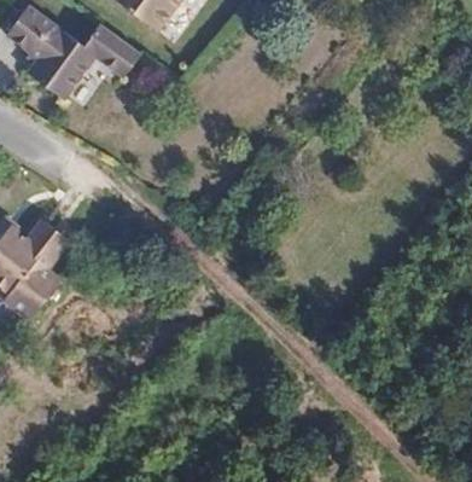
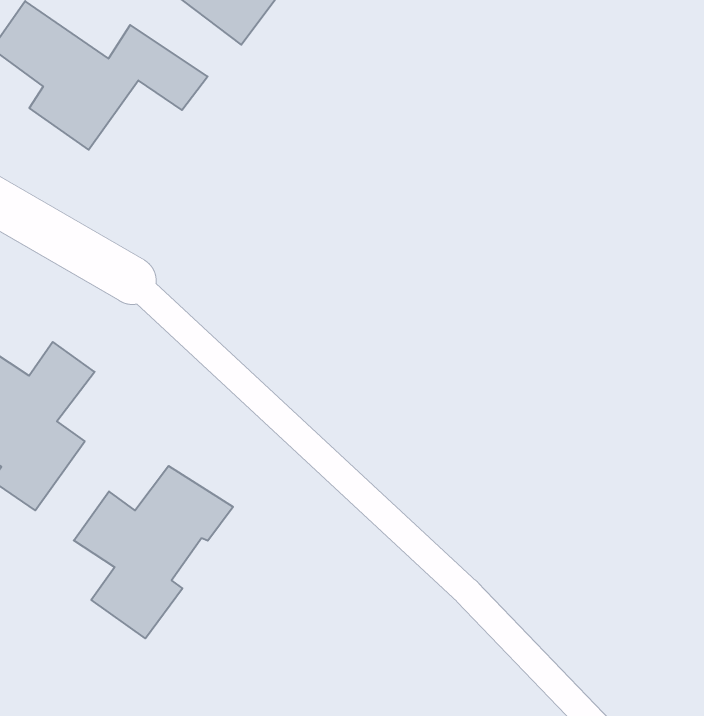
building: none -> [74,466,233,638]

